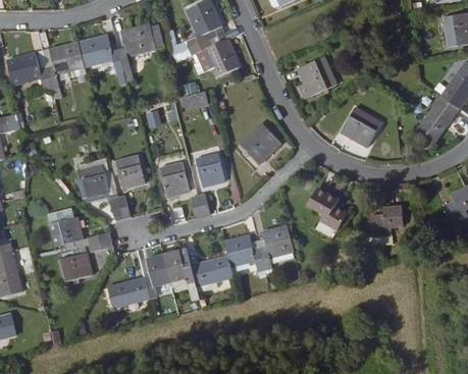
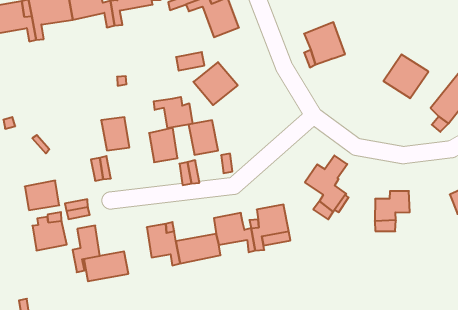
building: [342,106,382,146] -> [383,54,428,98]
building: [240,123,280,163] -> [193,62,238,105]
building: none -> [154,97,193,128]
building: [80,162,108,195] -> none
building: [145,254,170,298] -> [73,226,100,272]

